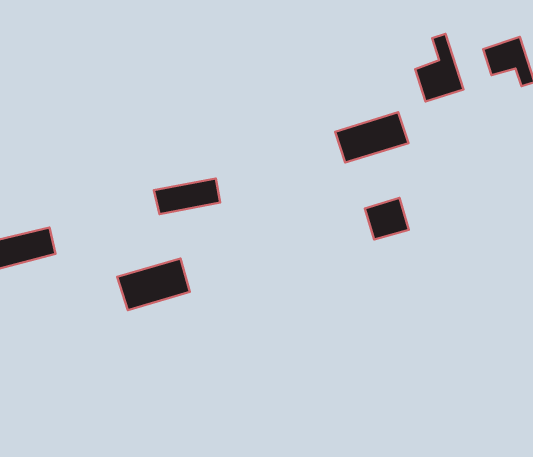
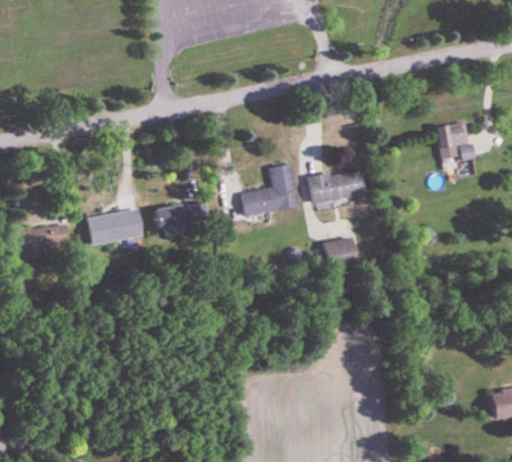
building: [415,34,464,101] -> none
building: none -> [240,164,297,214]
building: [117,258,190,310] -> [86,209,143,245]

